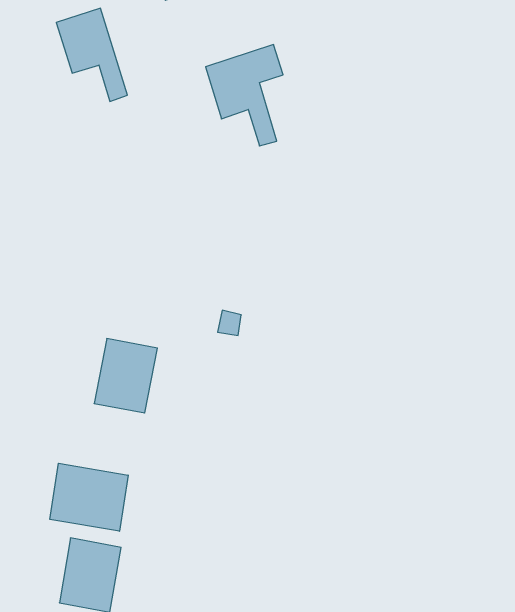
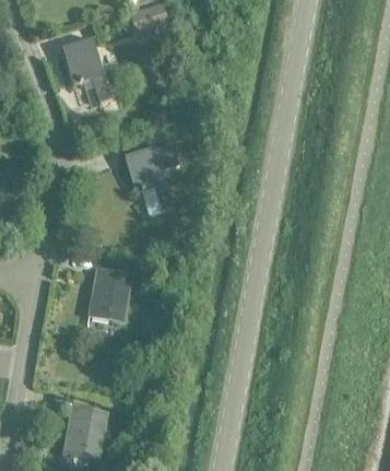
building: [206,45,283,146] -> [125,142,178,212]
building: [50,463,128,531] -> none

